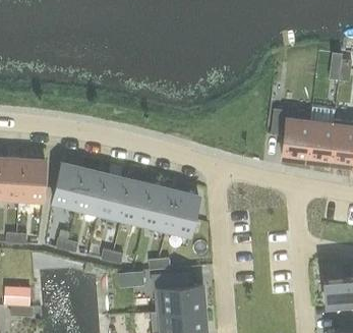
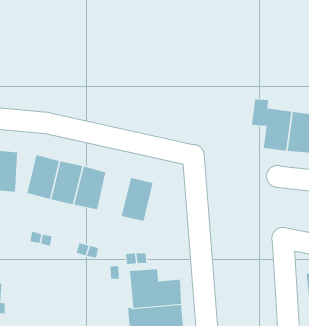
building: [122,180,154,223] -> none
building: [167,190,198,234] -> none

